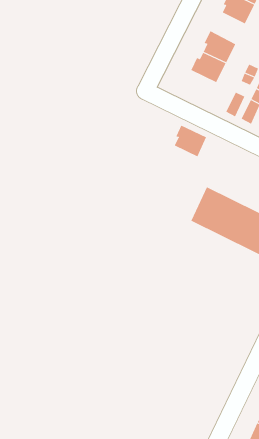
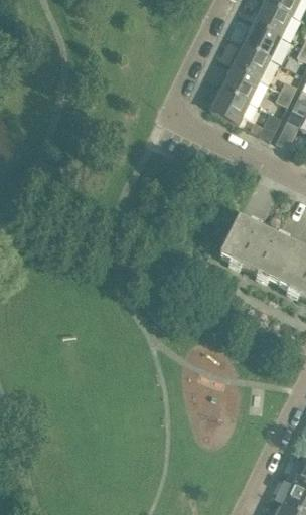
building: none -> [243,21,282,56]
building: [174,125,207,157] -> [212,85,250,122]

